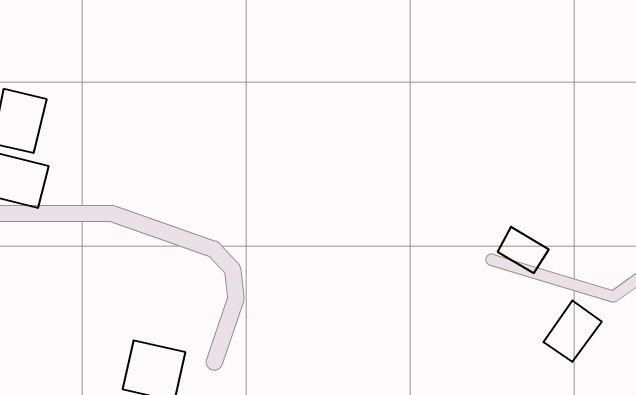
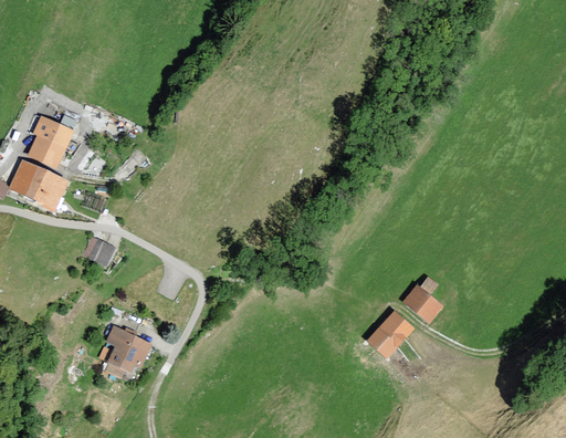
building: none -> [85,236,117,267]
building: [543,300,602,362] -> [365,311,412,358]

